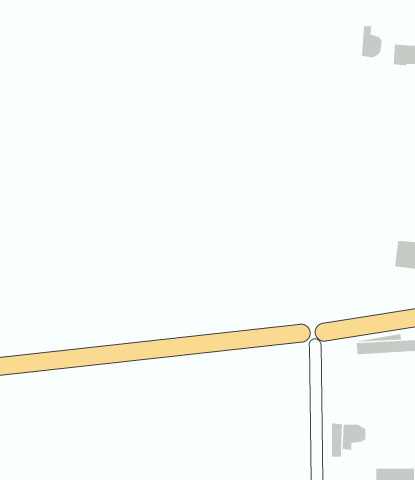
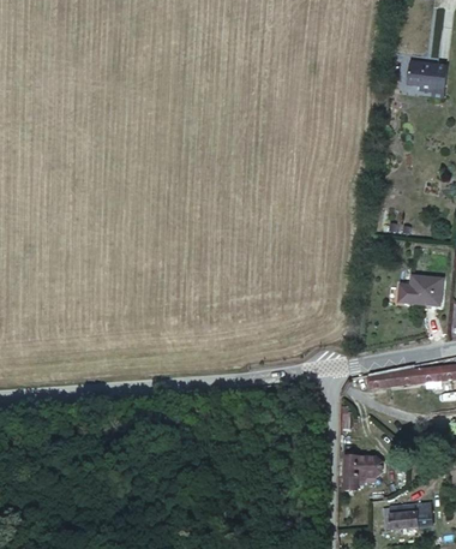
building: [361,26,382,58] -> none

